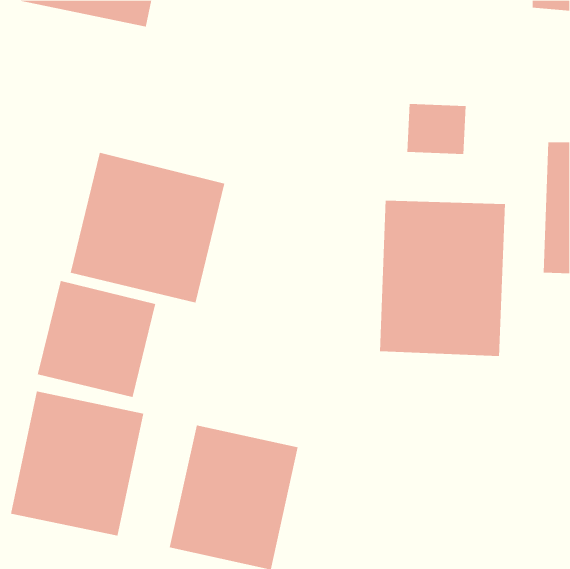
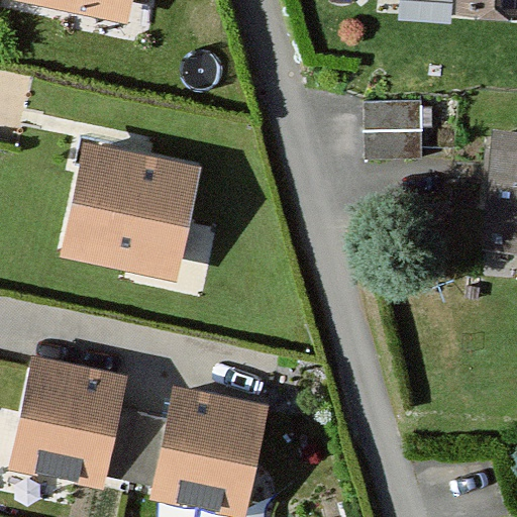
building: [379,200,505,357] -> none
building: [37,280,156,398] -> none

